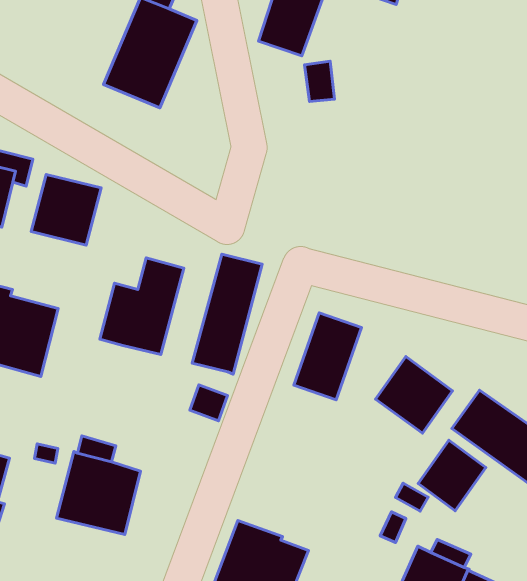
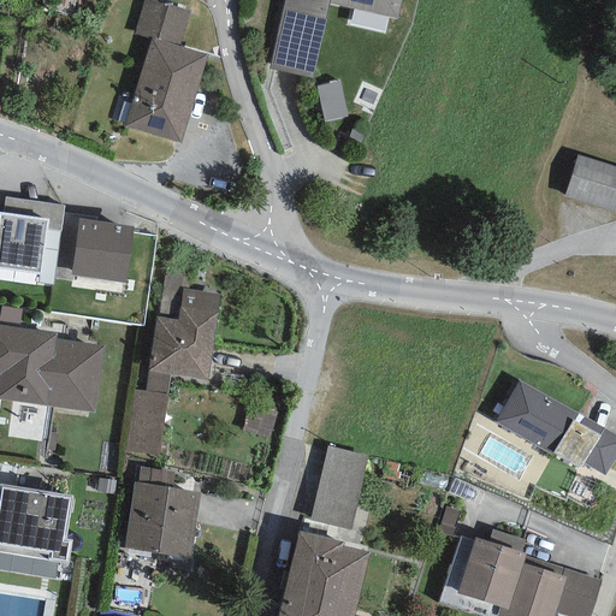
building: [192,254,262,374] -> none
building: [294,313,361,400] -> [309,445,368,527]
building: none -> [124,371,170,456]
building: [376,357,452,433] -> none
building: [418,440,486,511] -> none

